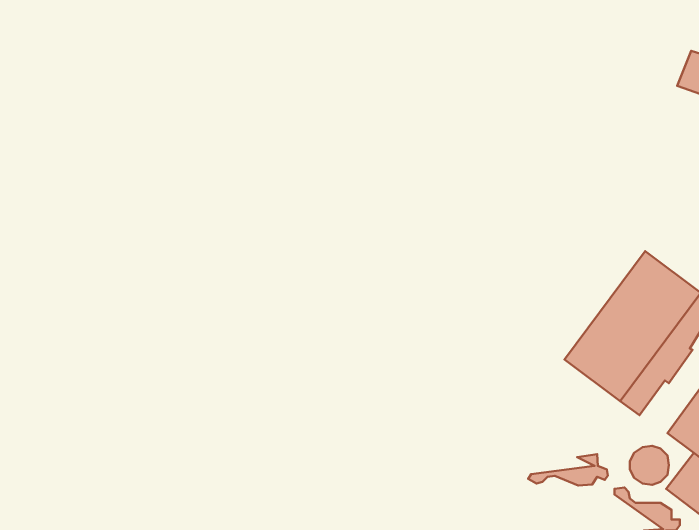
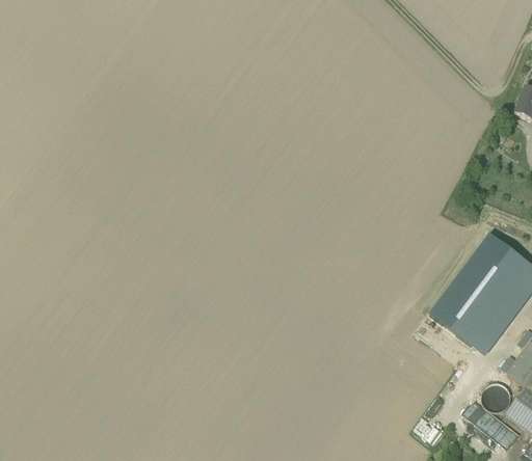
building: [528,454,608,486] -> none

